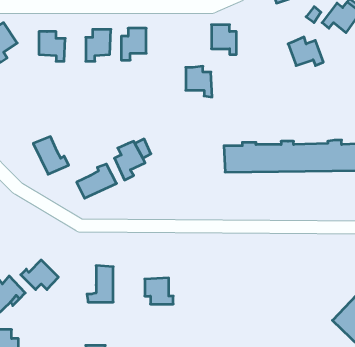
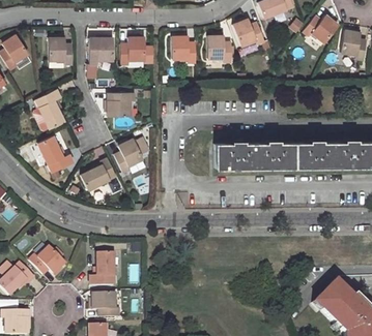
building: [288,37,323,66] -> [233,21,265,47]
building: [186,66,212,97] -> [170,36,194,64]
building: none -> [37,88,66,129]
building: none -> [111,92,138,116]
building: [145,278,173,304] -> [93,293,119,316]

